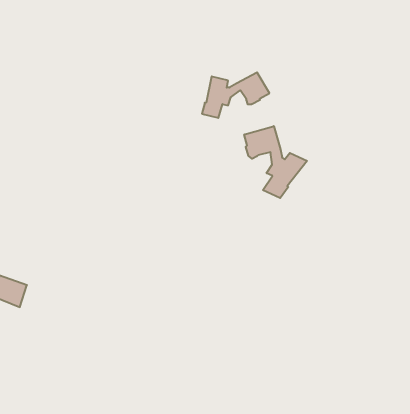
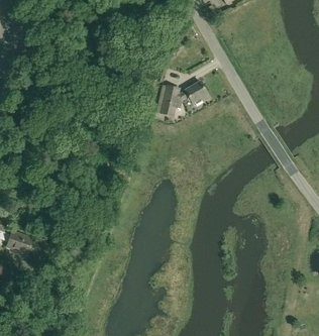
building: [244,126,307,198] -> none

